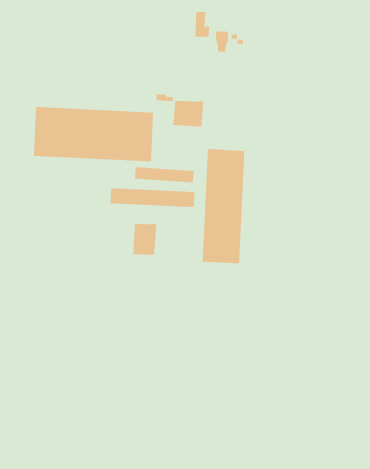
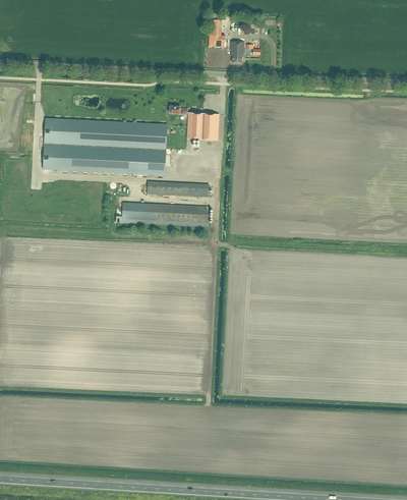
building: [202,148,245,264] -> none
building: [133,223,157,256] -> none

